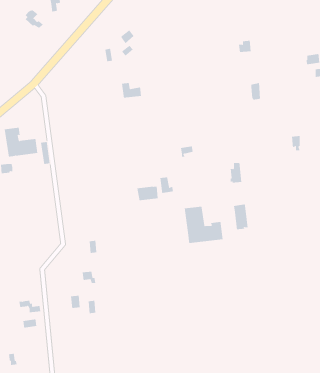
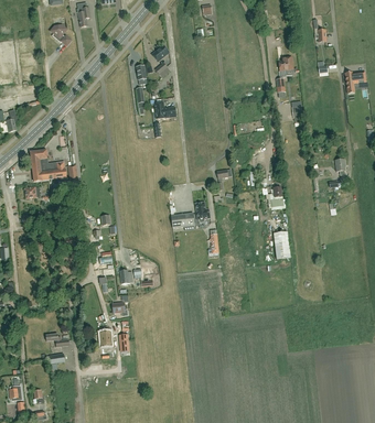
building: [184,206,223,244] -> none

